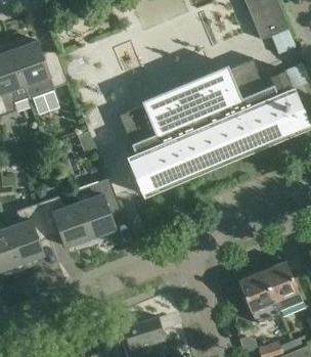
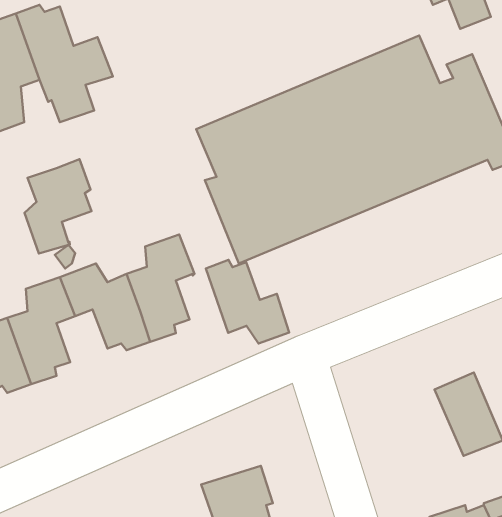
building: none -> [24,159,92,253]
building: none -> [206,260,289,344]
building: [237,271,279,323] -> none

